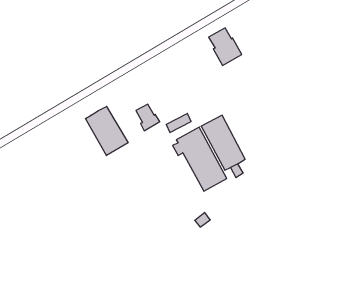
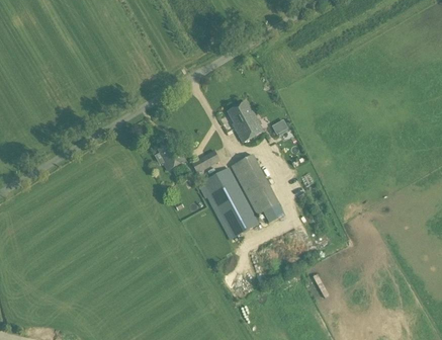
building: [209,28,242,65] -> [227,101,263,143]
building: [85,106,128,156] -> none

